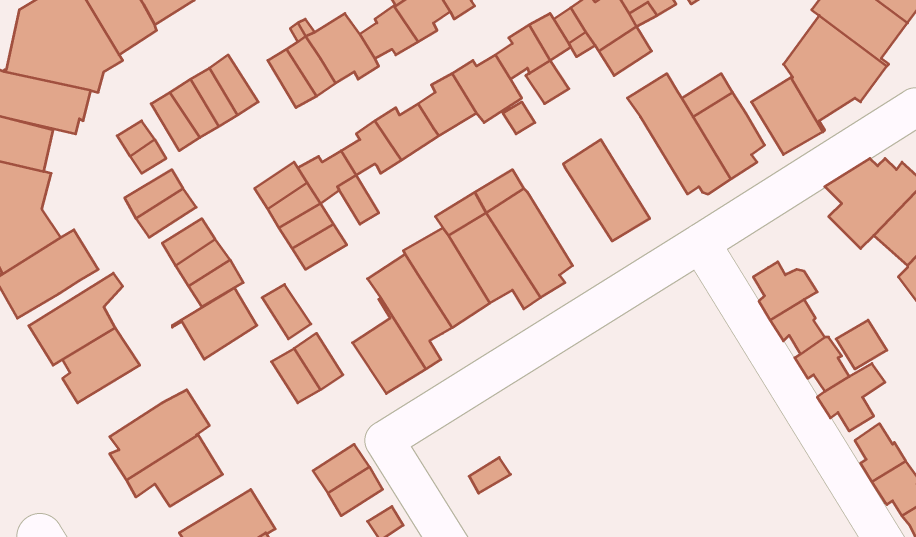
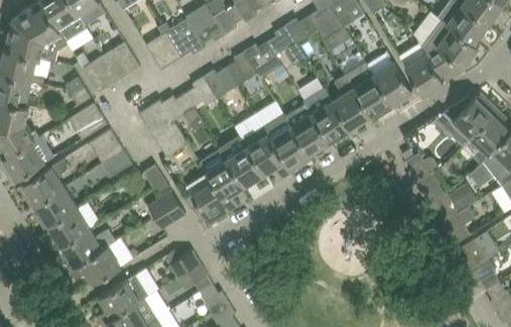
building: none -> [332,75,370,129]
building: none -> [284,102,330,154]
building: [172,288,257,359] -> [43,208,89,246]

